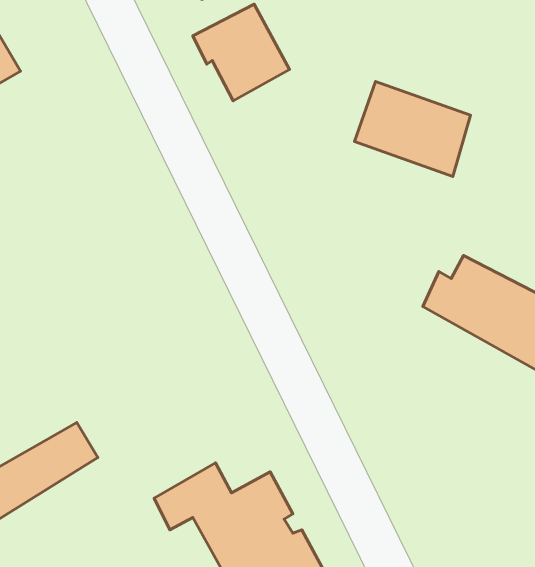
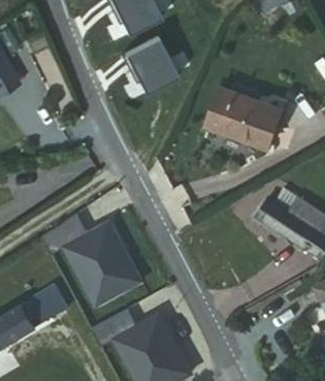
building: none -> [44,216,144,309]

